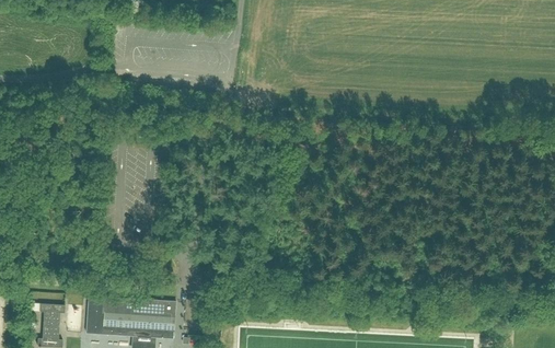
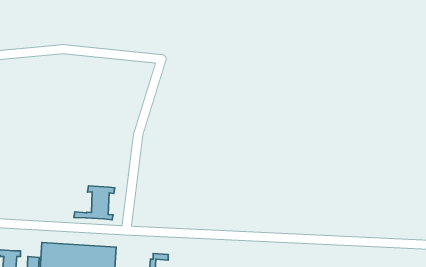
building: none -> [74,186,115,220]

